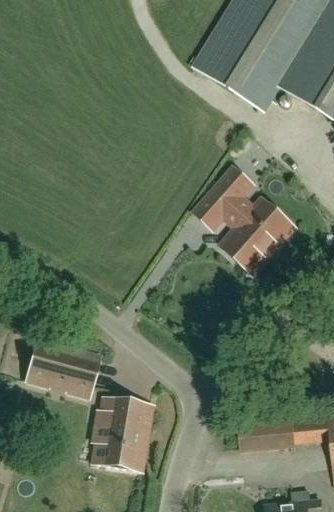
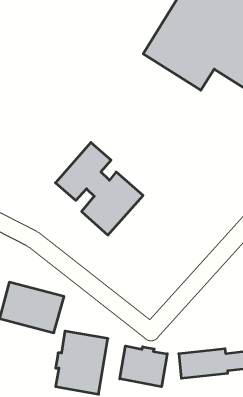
building: [190,163,294,273] -> [55,142,143,235]
building: none -> [120,346,167,387]

